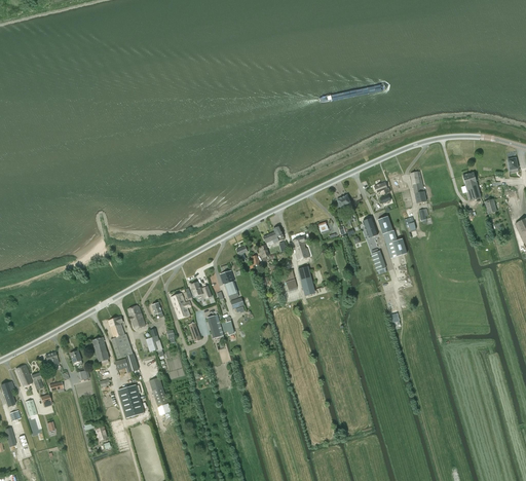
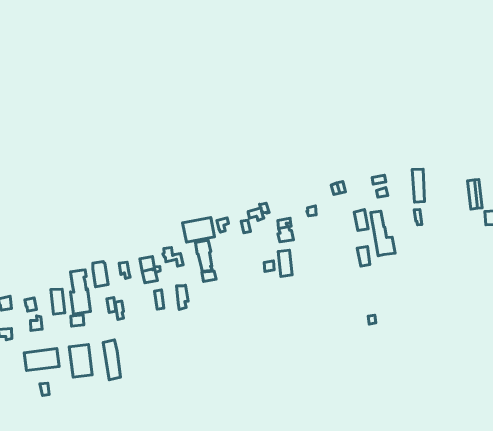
building: none -> [183,217,214,242]
building: none -> [24,349,59,370]

